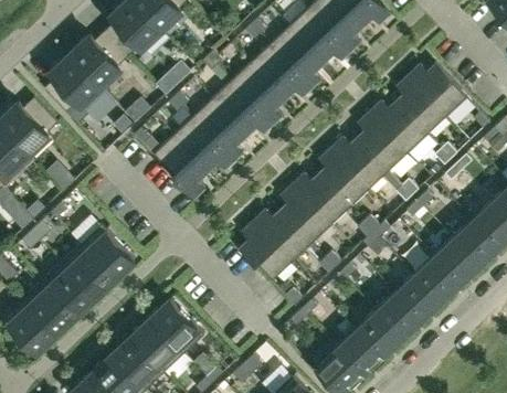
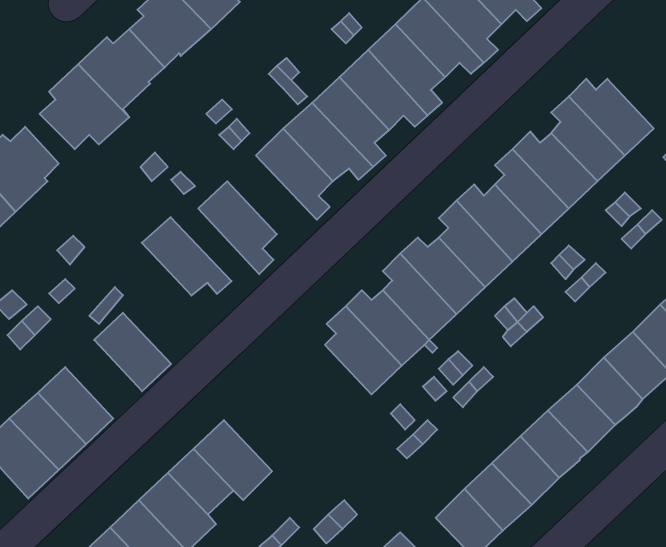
building: [173,117,235,171] -> [142,217,232,296]
building: [62,244,115,298] -> none

